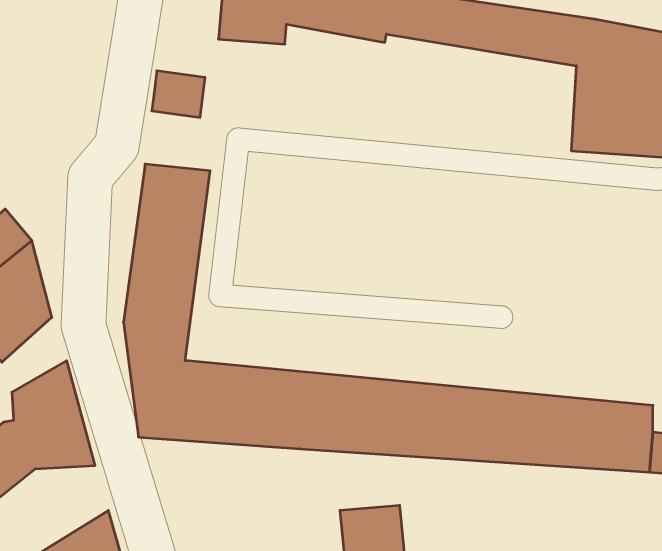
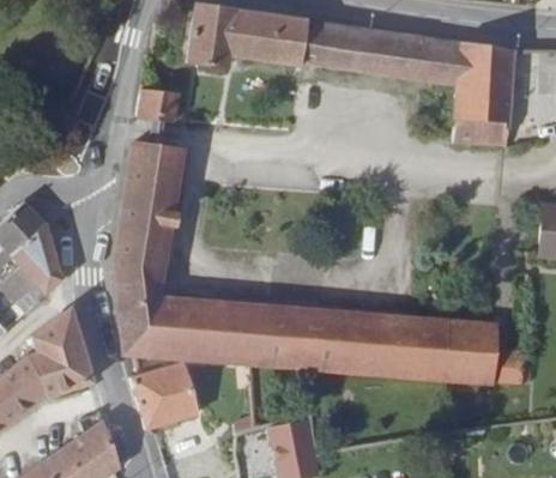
building: none -> [134,367,198,426]

